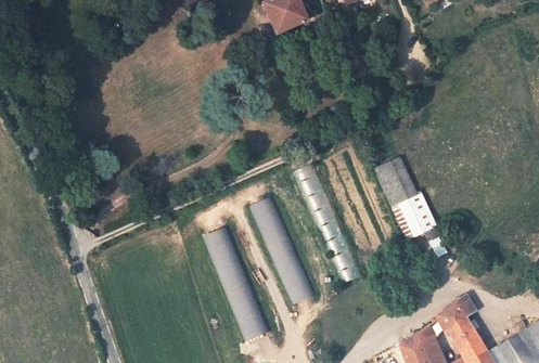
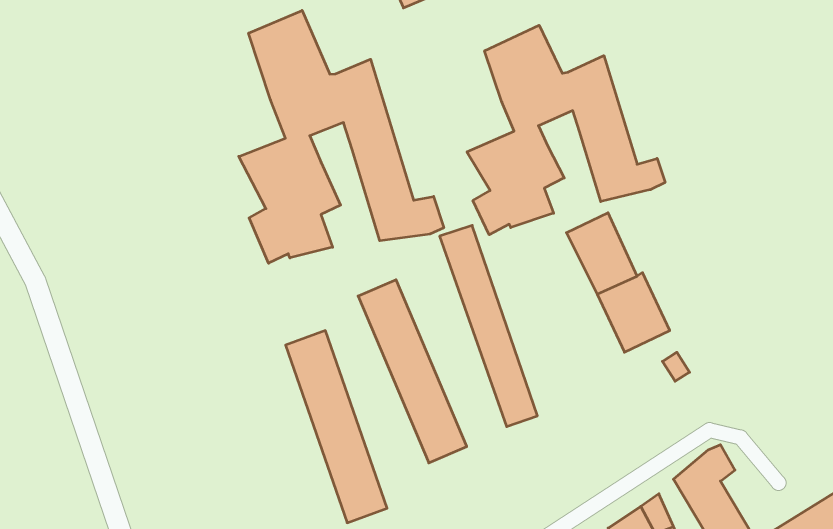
building: none -> [239,10,444,263]
building: none -> [467,25,665,235]

